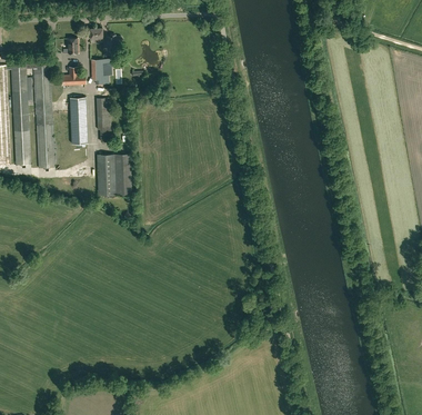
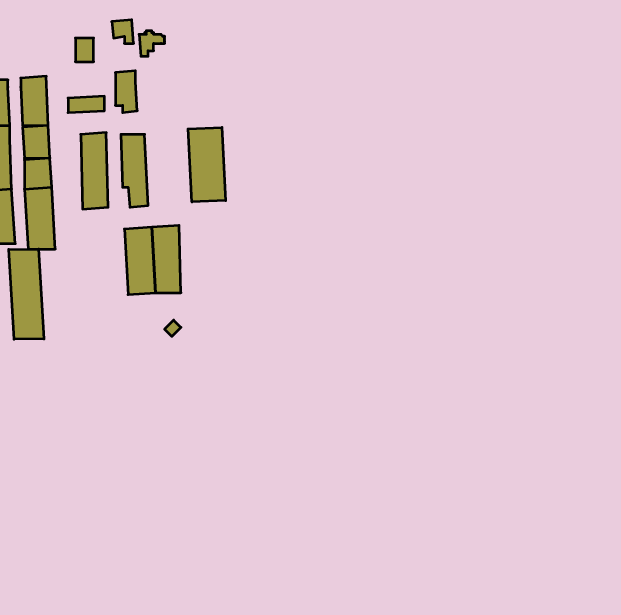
building: none -> [188,127,226,202]
building: none -> [9,249,44,339]

